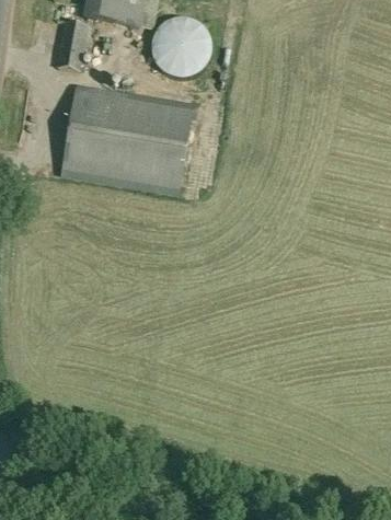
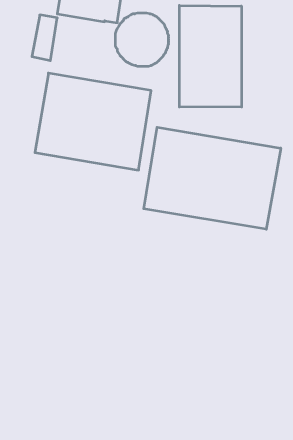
building: none -> [179,5,242,107]
building: none -> [144,127,281,229]

